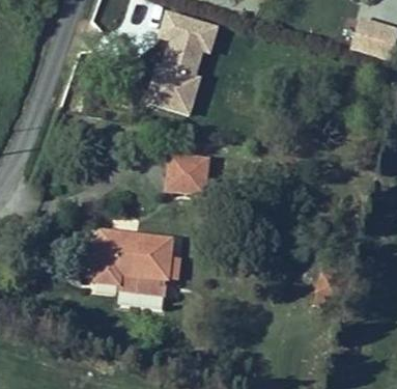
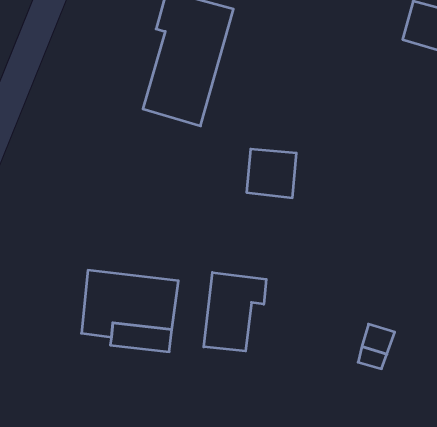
building: [168,155,207,193] -> [247,149,296,198]
building: none -> [204,272,266,351]

